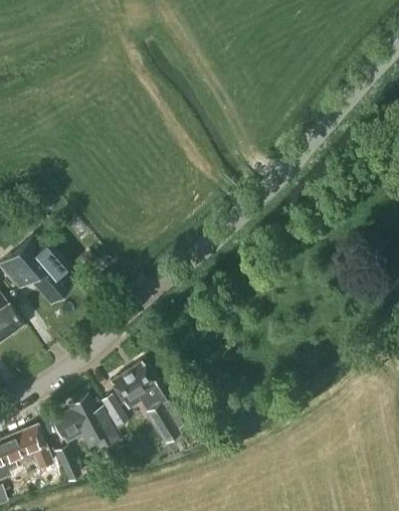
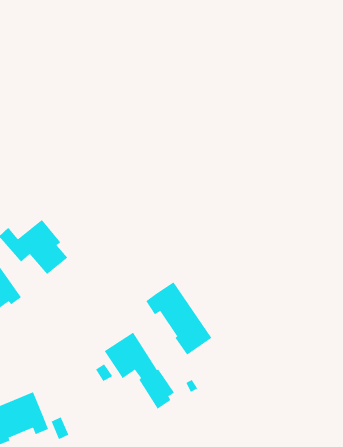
building: none -> [145,282,212,356]
building: [52,395,121,451] -> none

